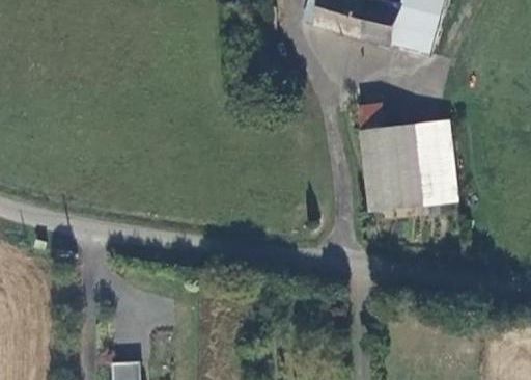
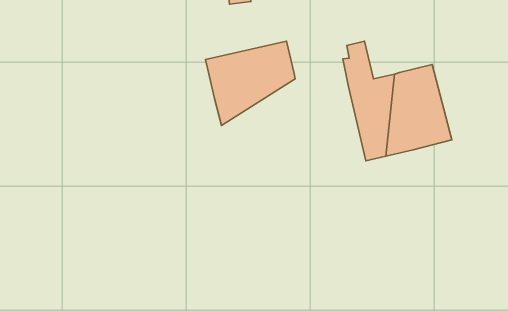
building: none -> [206,41,295,125]

